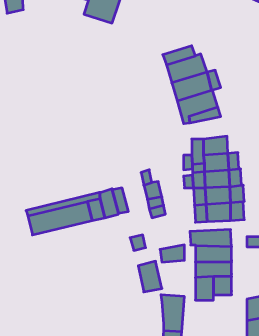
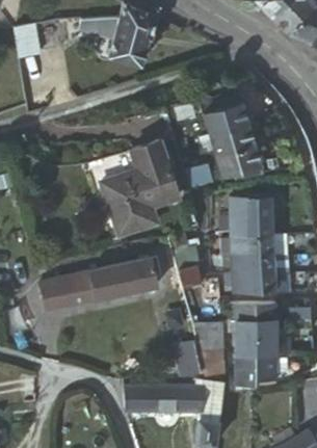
building: none -> [96,141,173,235]
building: none -> [125,386,200,411]

